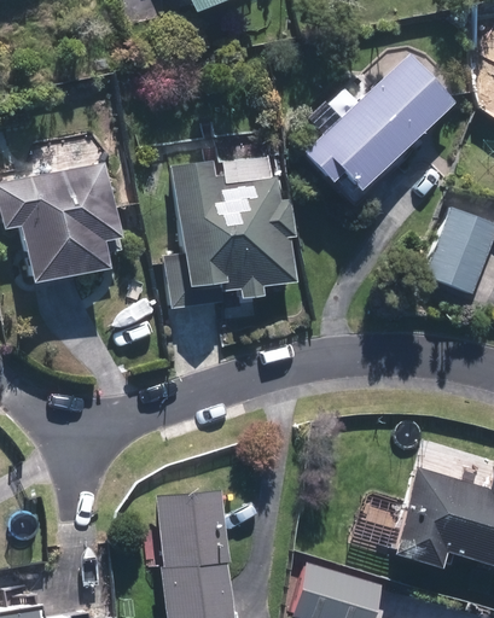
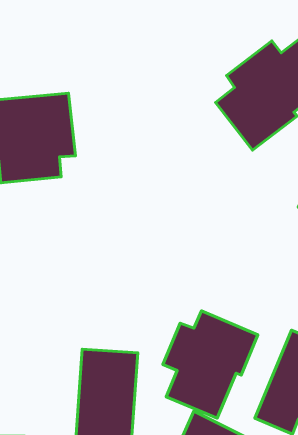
building: [164,158,297,311] -> none
building: none -> [163,311,258,418]

